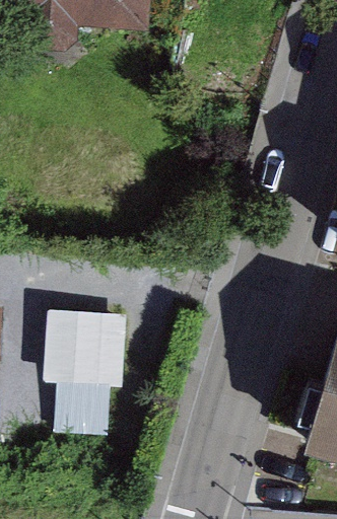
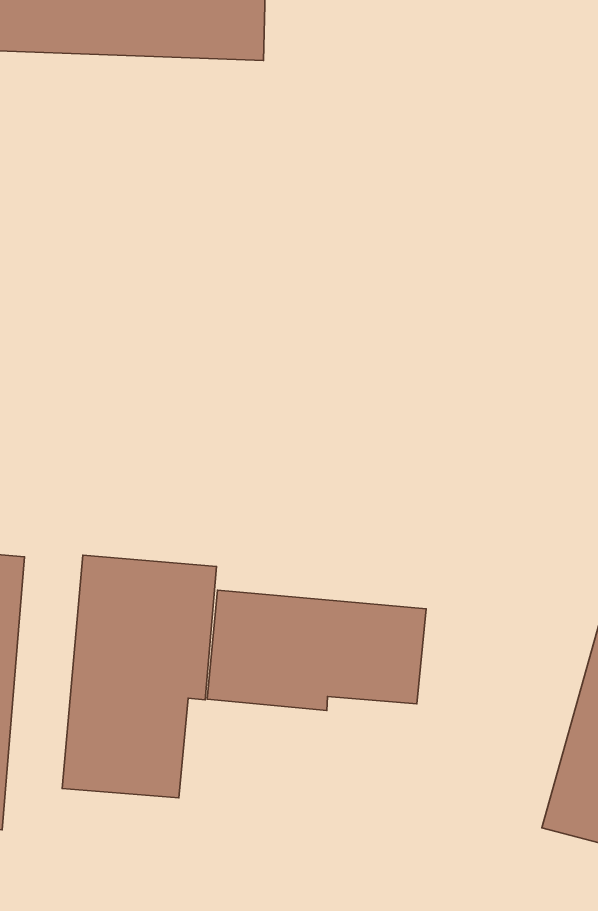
building: none -> [207,590,426,710]

